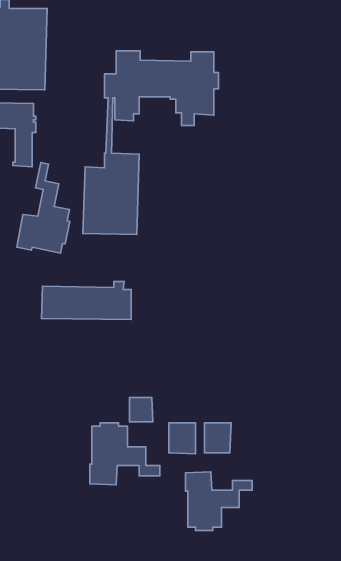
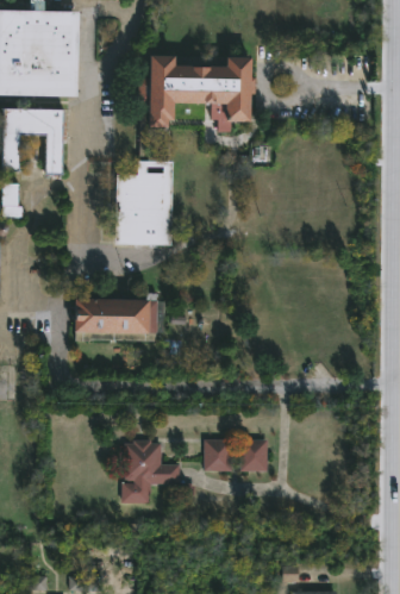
building: [17,162,70,253] -> none
building: [130,397,153,422] -> none
building: [186,472,252,530] -> none

